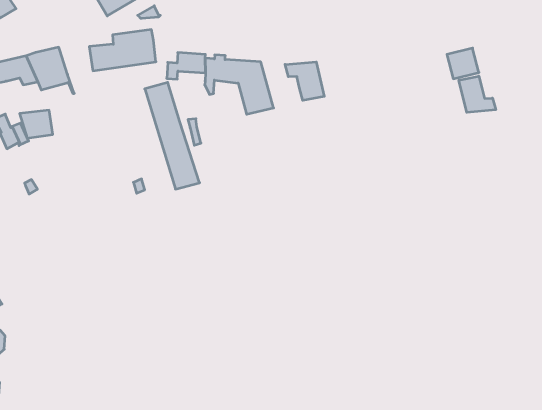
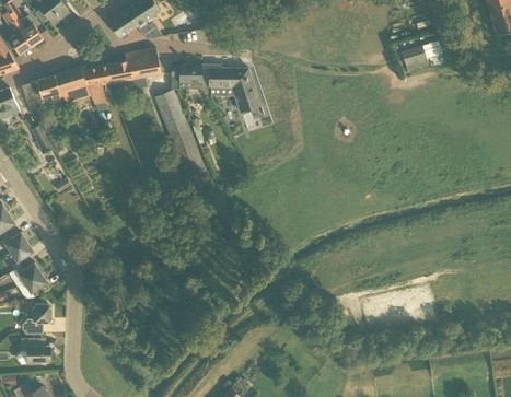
building: [285,62,324,100] -> none
building: [459,76,496,112] -> none
building: [20,110,53,138] -> [81,65,109,89]

